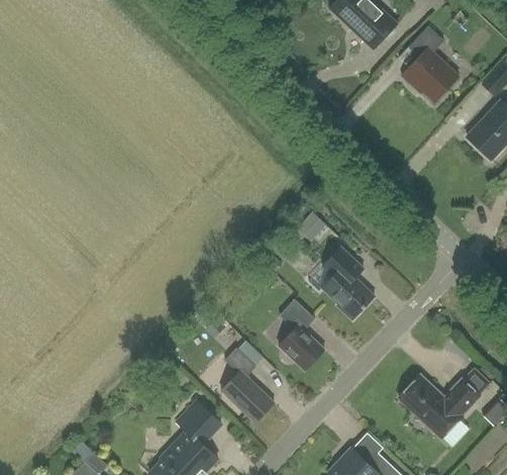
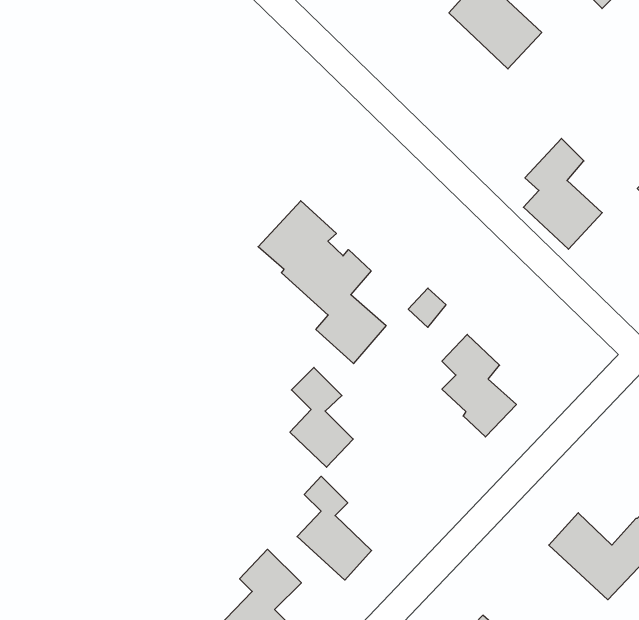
building: [401,26,458,106] -> [523,138,602,249]
building: none -> [258,201,386,364]
building: [278,298,323,370] -> [290,367,353,467]

